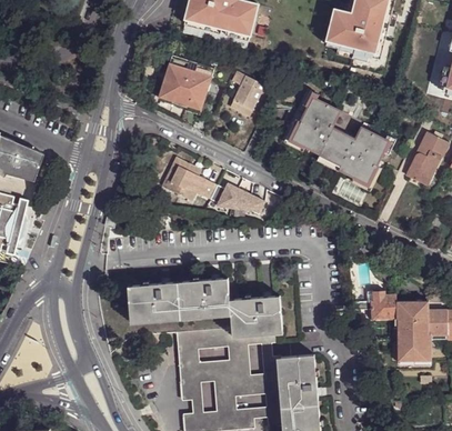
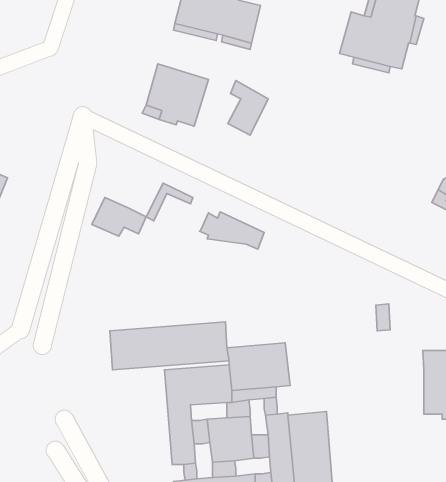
building: [281,93,390,183] -> none
building: [167,168,213,201] -> [92,197,146,236]
building: [371,291,398,320] -> none

